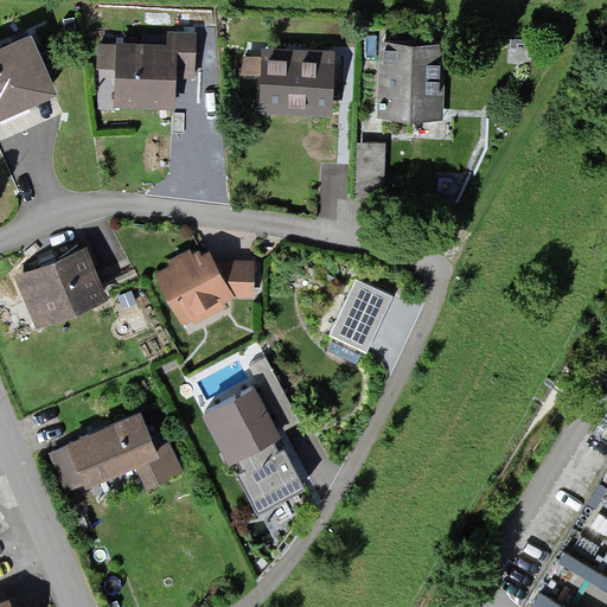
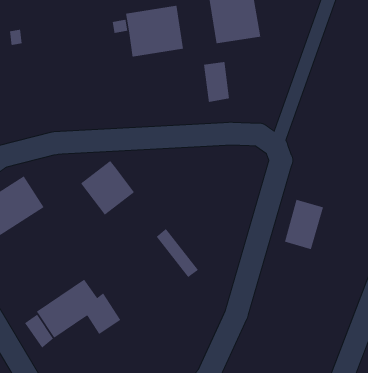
building: [119,38,193,106] -> none
building: [212,263,253,301] -> none
building: [331,280,394,353] -> [284,199,324,250]
building: [203,383,302,509] -> none

